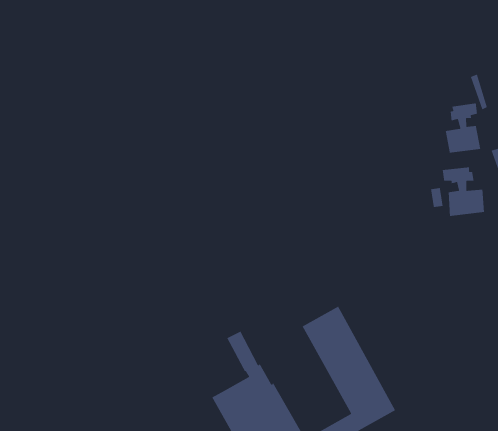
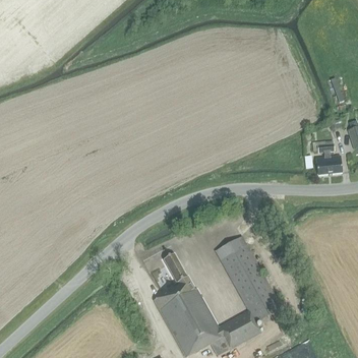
building: [445,103,481,154] -> none

